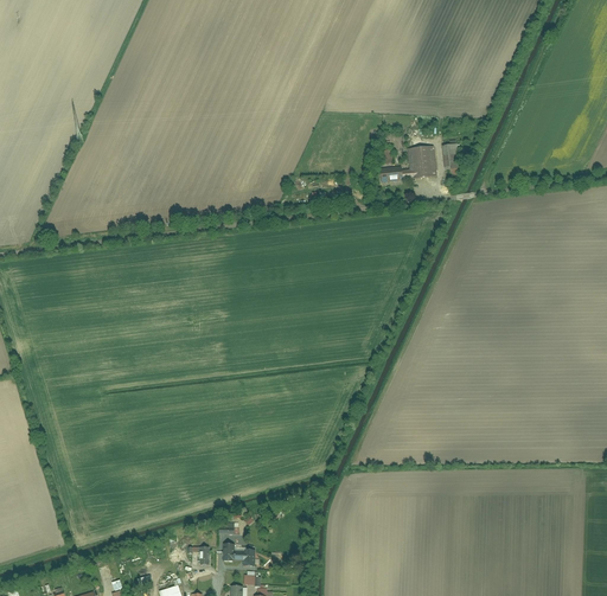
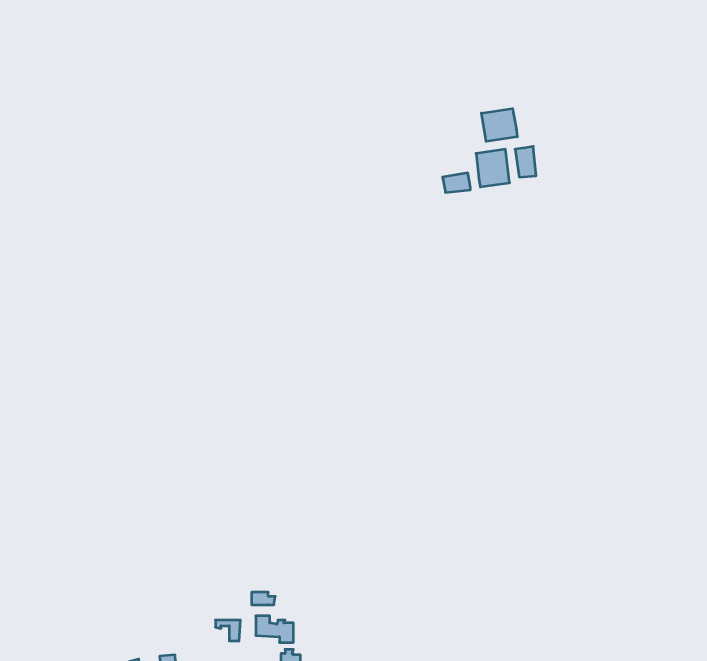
building: none -> [481,109,517,141]

